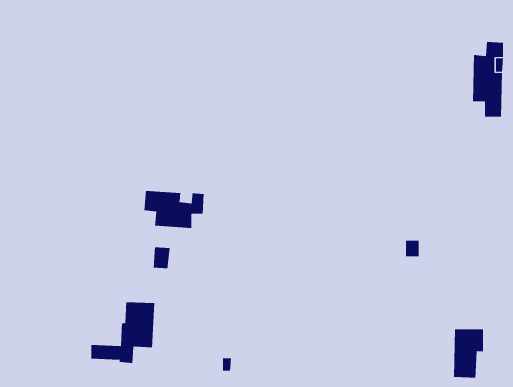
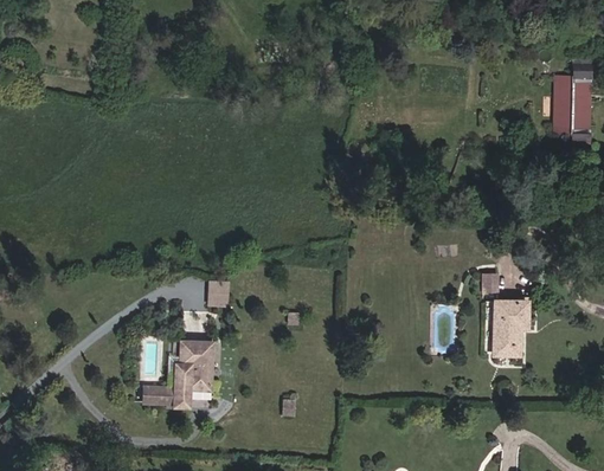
building: [144,190,204,229] -> none
building: [453,329,484,378] -> [494,302,527,355]

